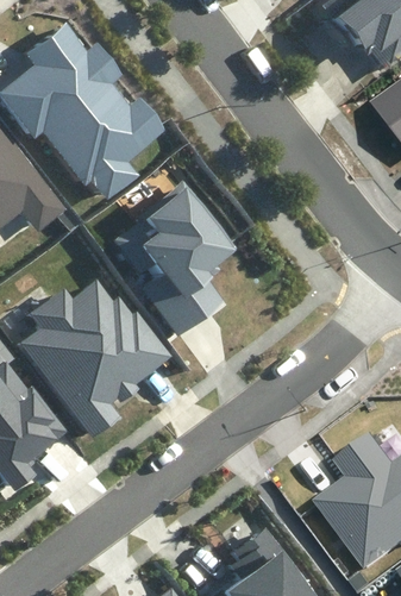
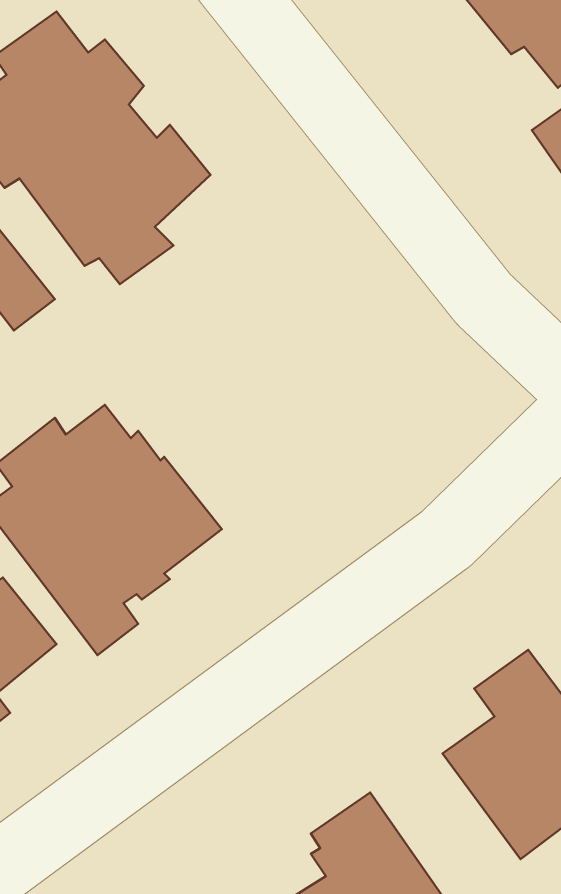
building: [130,182,239,341] -> none

